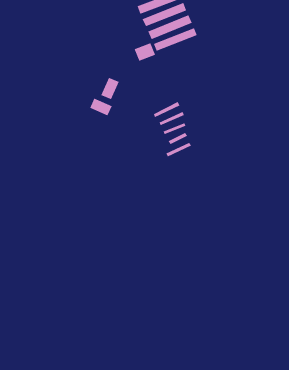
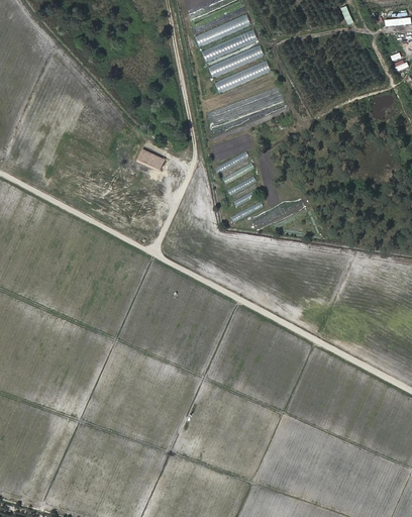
building: [133,42,156,62] -> none
building: [100,77,120,100] -> none

